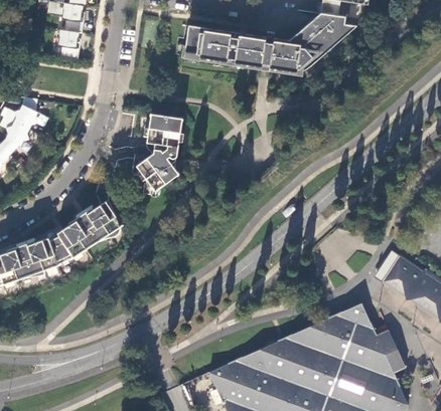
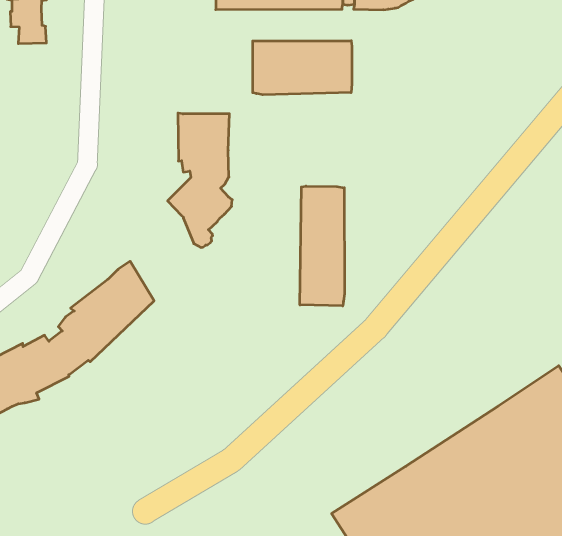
building: none -> [253,41,352,95]
building: none -> [300,186,345,306]

